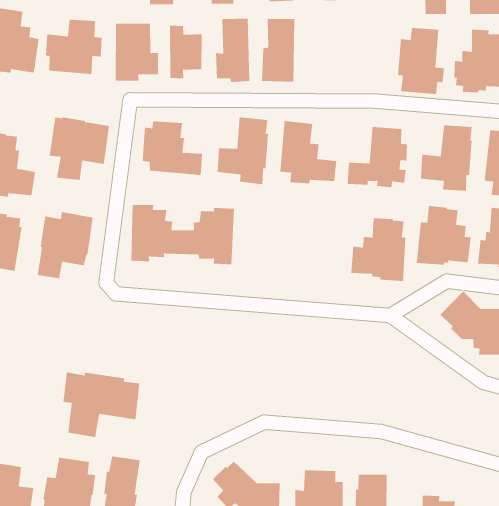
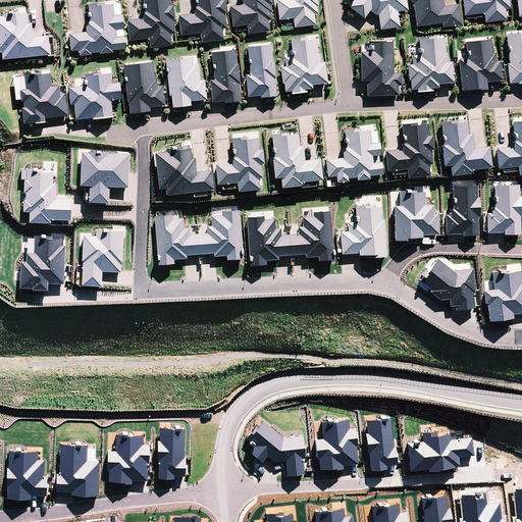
building: none -> [282,41,327,95]
building: none -> [247,210,334,264]
building: [63,371,140,438] -> none

